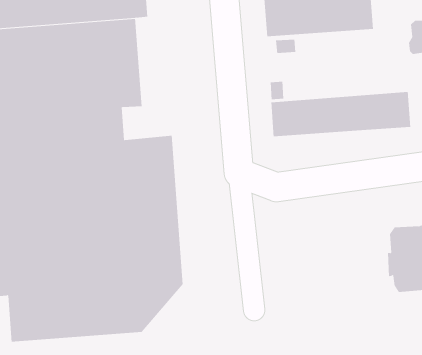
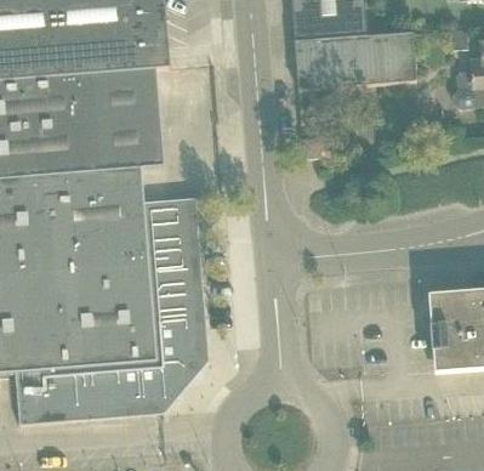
building: [271,91,411,137] -> none

